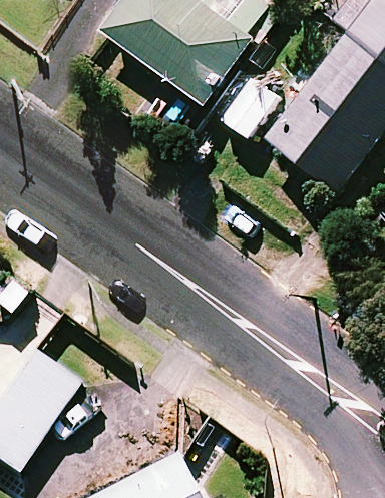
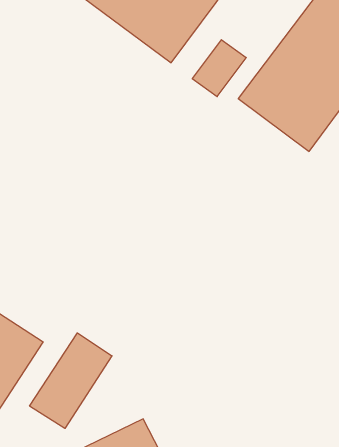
building: none -> [30,333,112,428]

